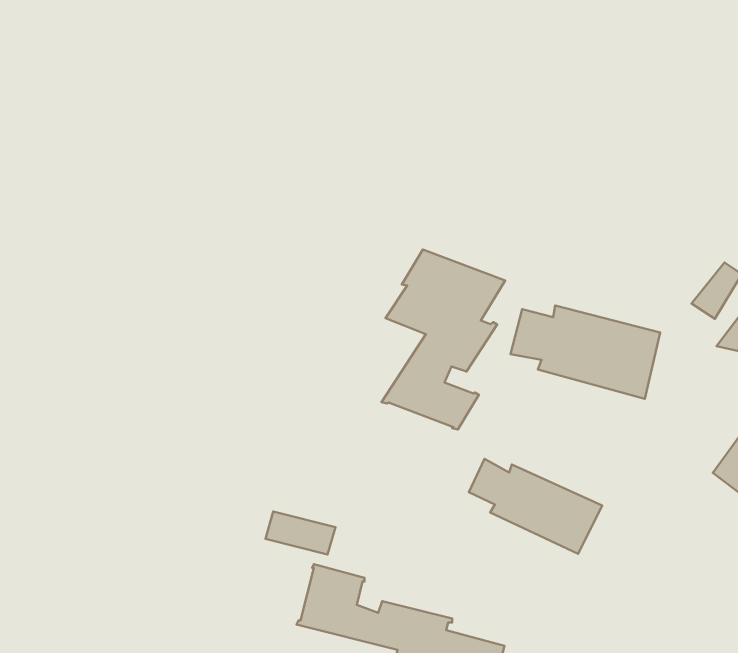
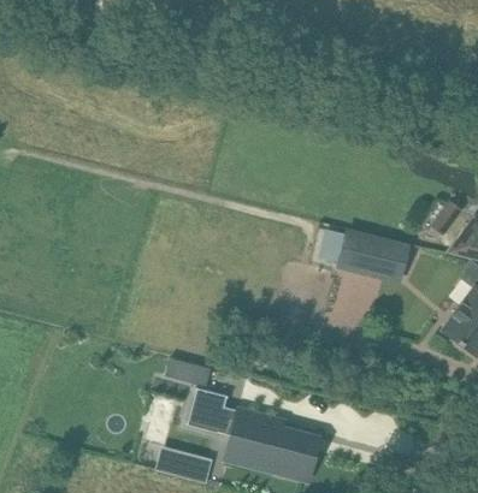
building: [382,250,505,430] -> none
building: [469,459,602,554] -> none

